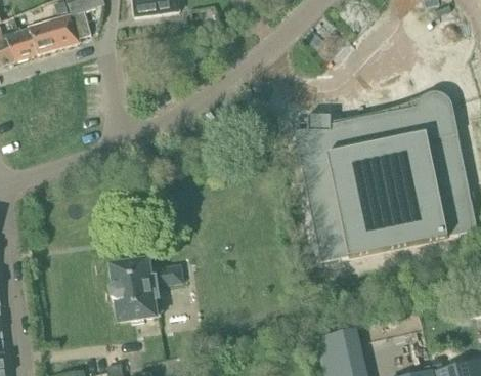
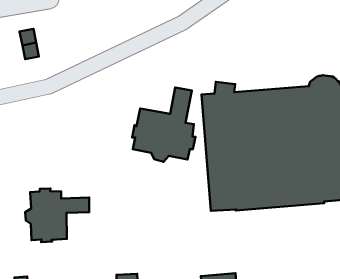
building: none -> [132,88,195,162]

